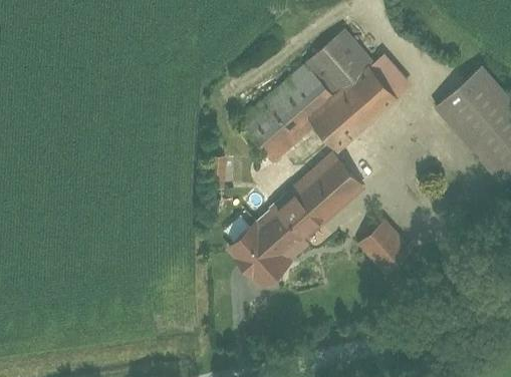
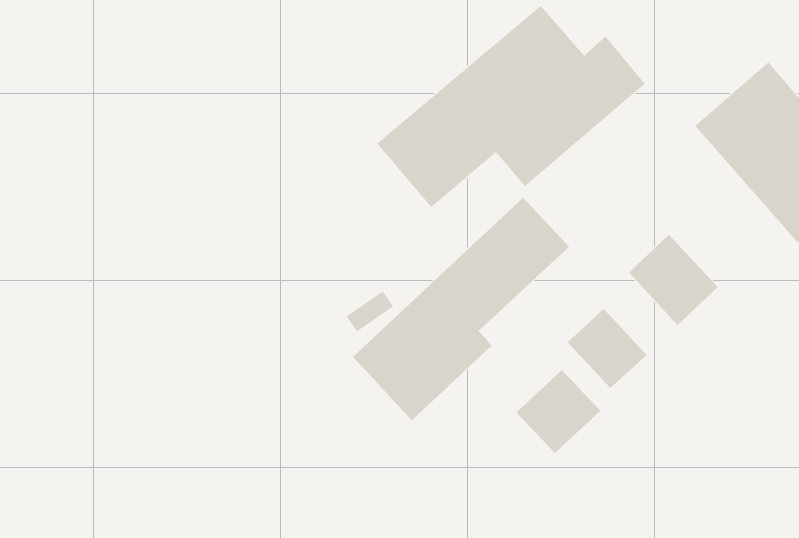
building: none -> [628,234,719,326]
building: none -> [516,369,601,454]

